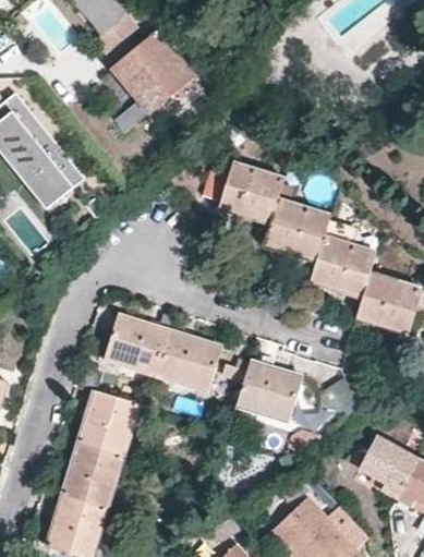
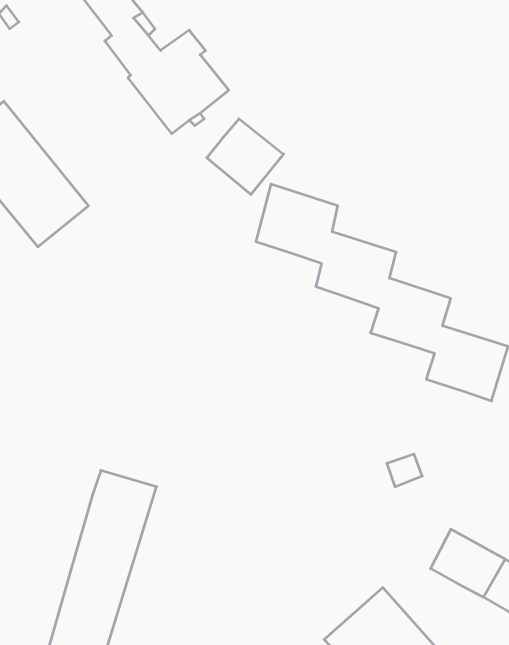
building: none -> [207,119,284,195]
building: [104,313,221,389] -> none
building: [234,355,301,419] -> none

